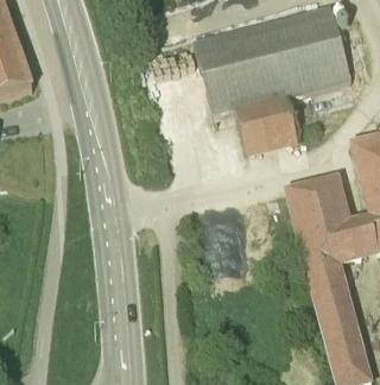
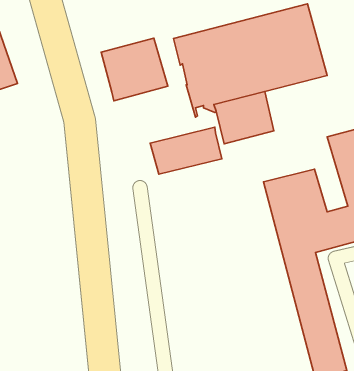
building: none -> [101,38,168,101]
building: none -> [150,127,222,174]

